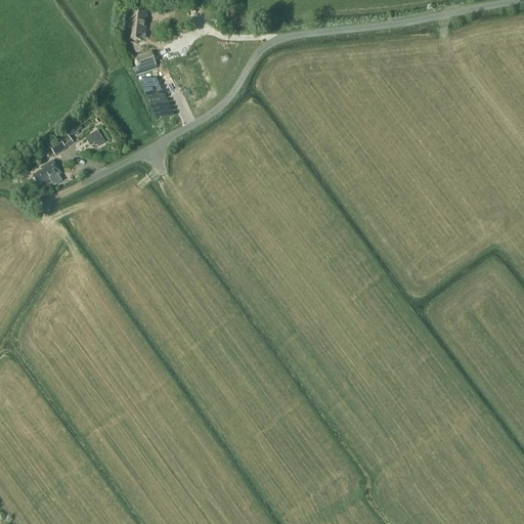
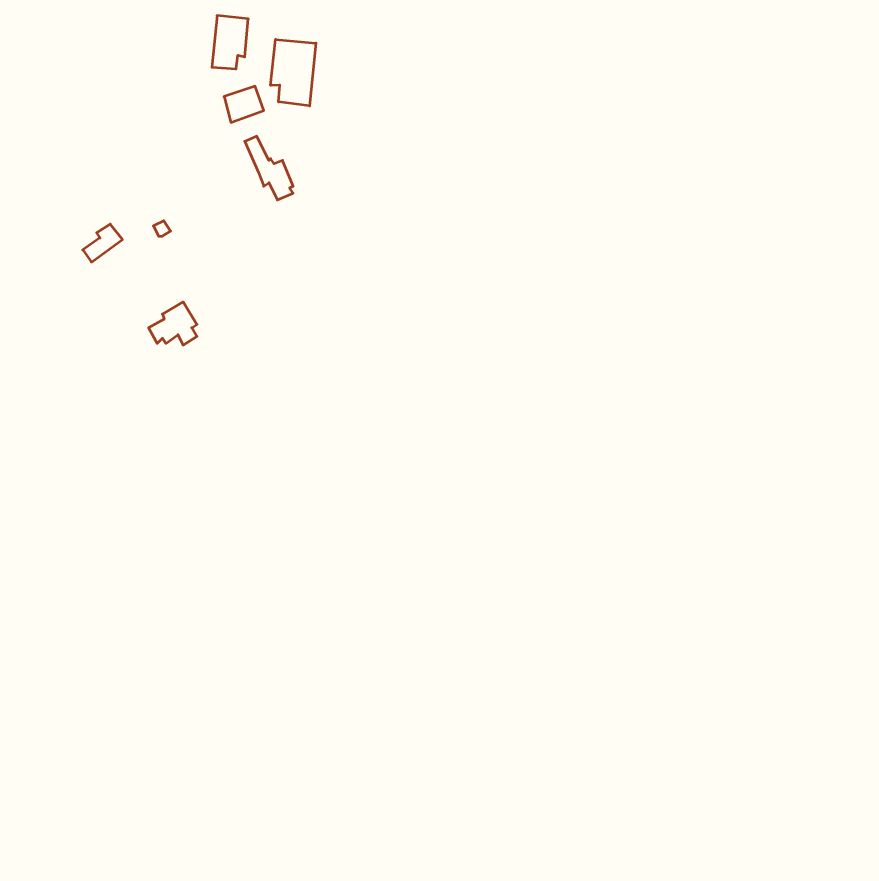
building: none -> [271,39,316,106]
building: [34,161,62,186] -> [149,302,197,345]

